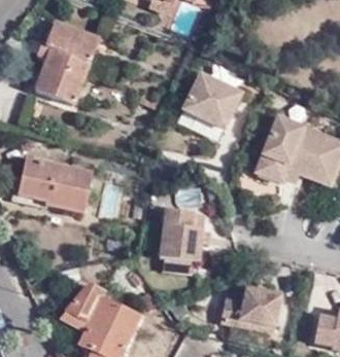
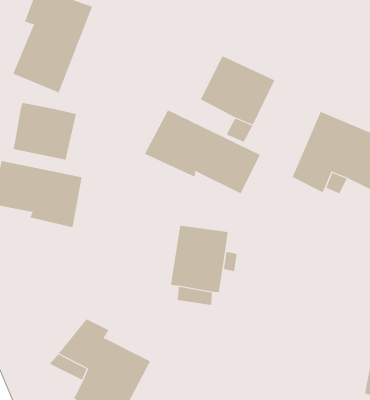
building: none -> [13,102,77,161]
building: none -> [144,109,260,194]
building: [219,285,282,334] -> none

